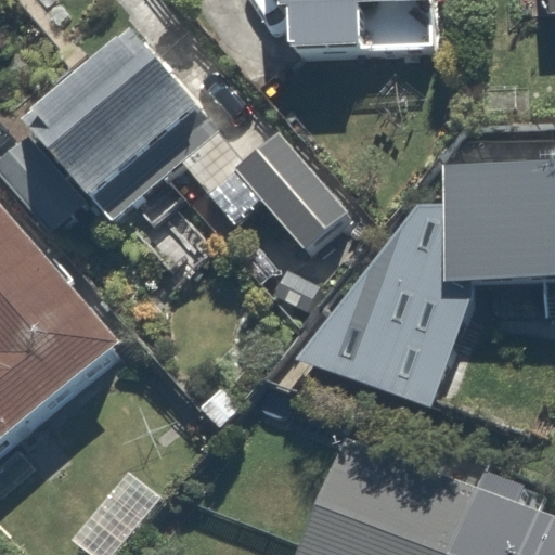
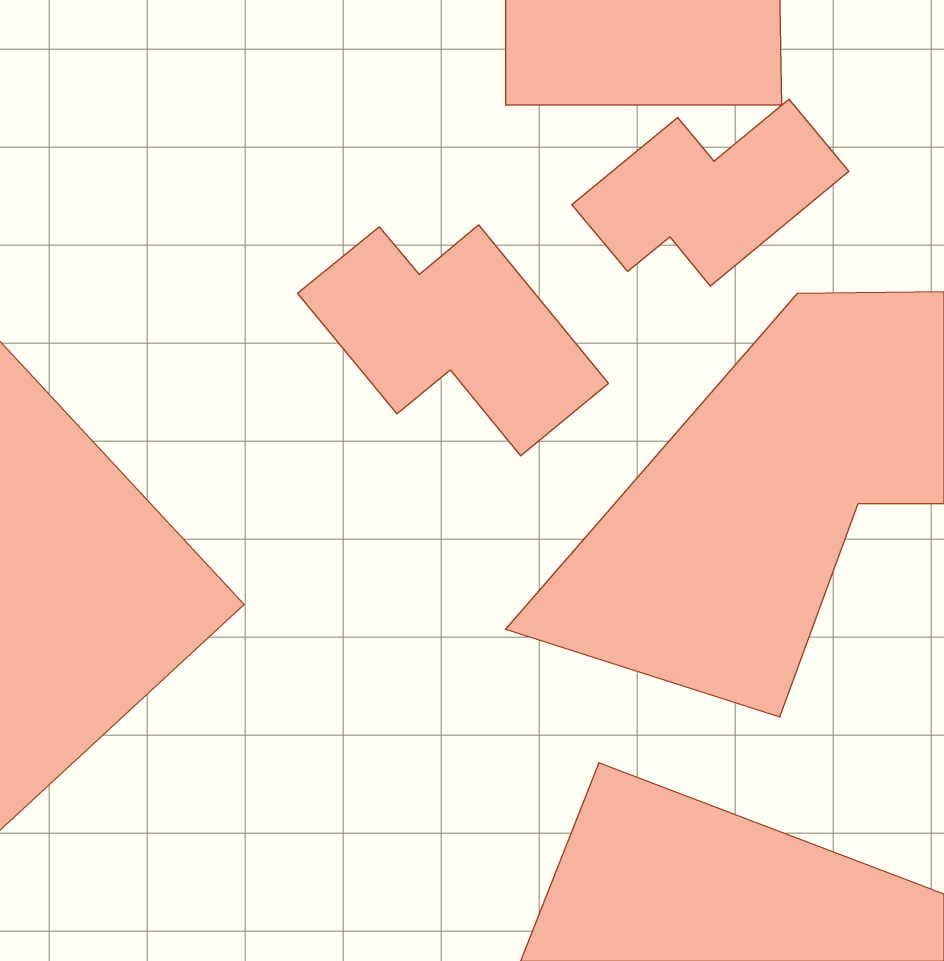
building: [26,30,216,218] -> none
building: none -> [572,99,849,286]

